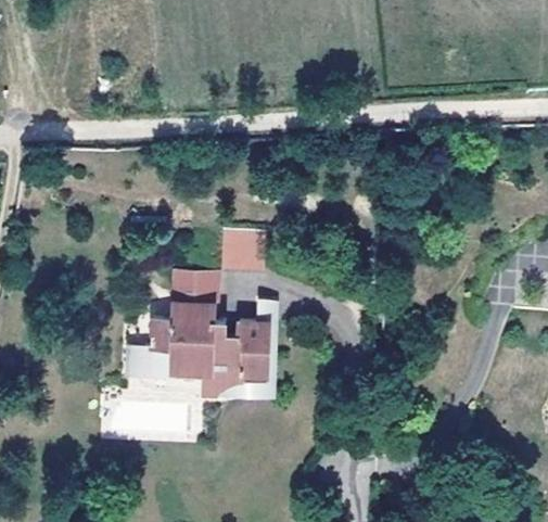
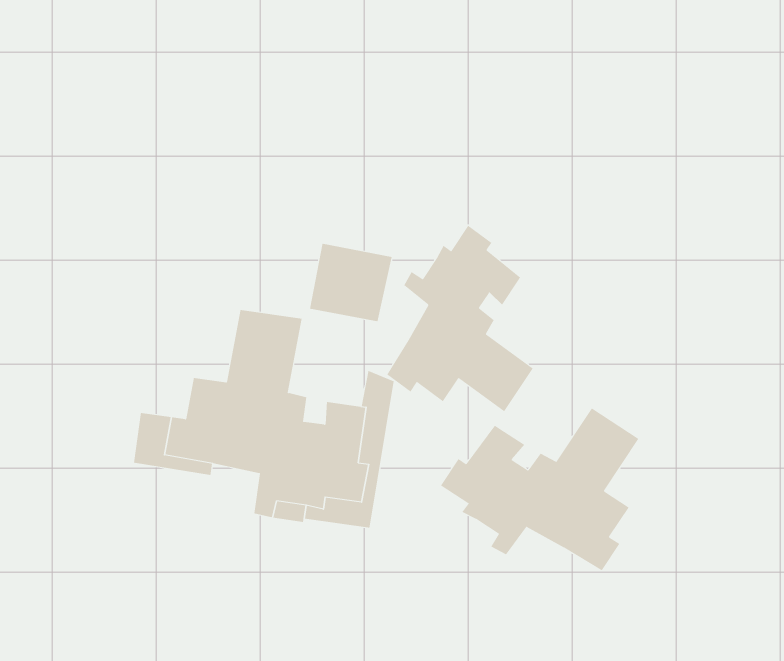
building: none -> [386,225,533,412]
building: none -> [440,408,639,571]

